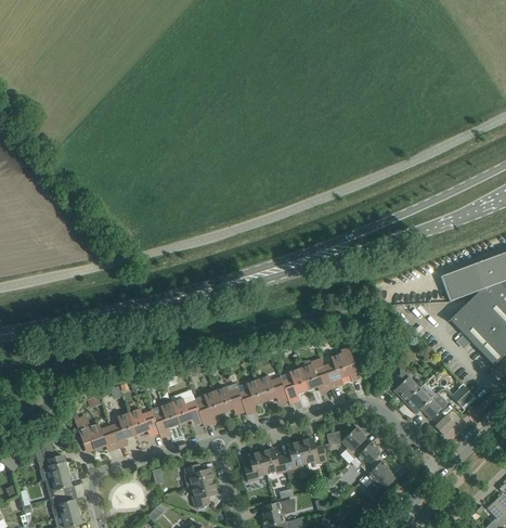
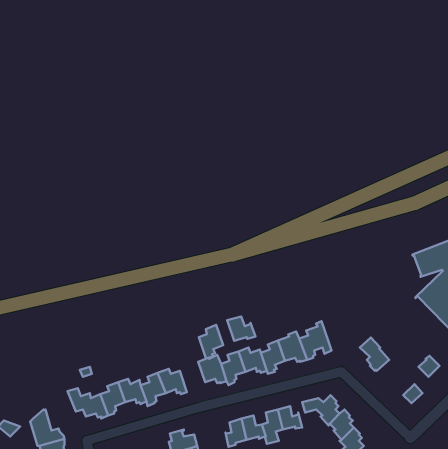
building: none -> [227,317,255,341]
building: [406,388,447,418] -> none
building: [196,390,222,426] -> [199,325,223,358]

